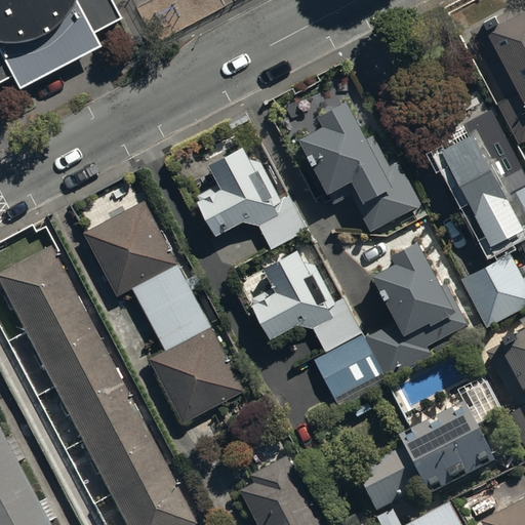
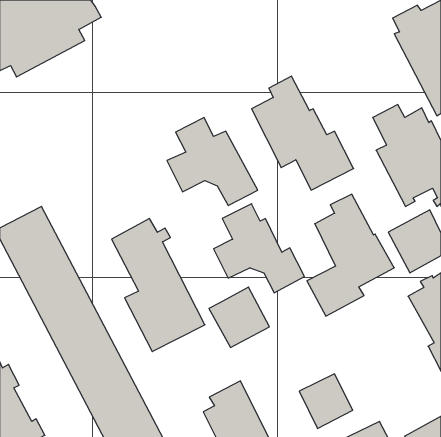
building: [83,200,177,296] -> none
building: [314,333,386,405] -> [209,287,269,347]
building: [399,402,494,494] -> none

